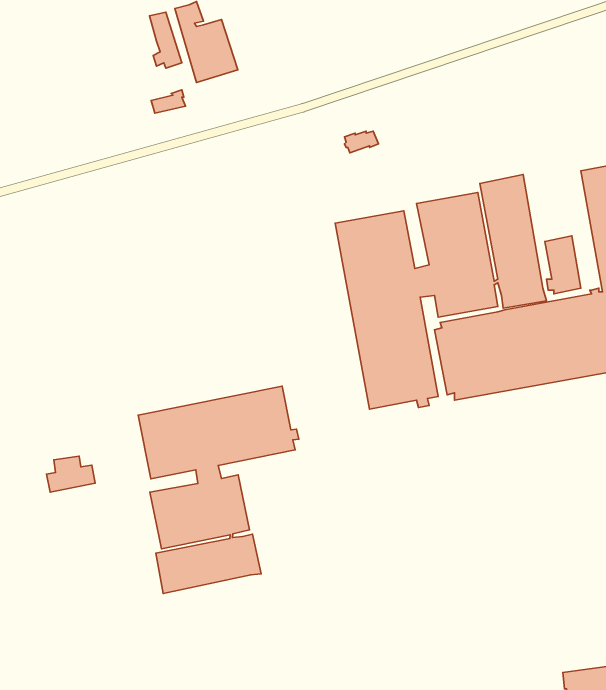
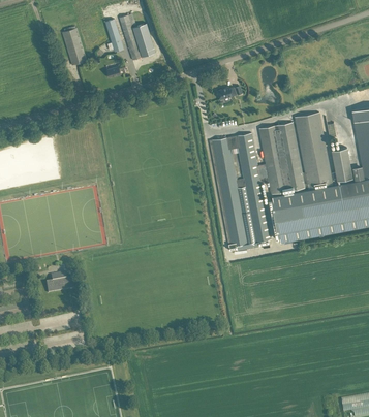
building: none -> [61,27,86,65]
building: [138,386,299,594] -> none

